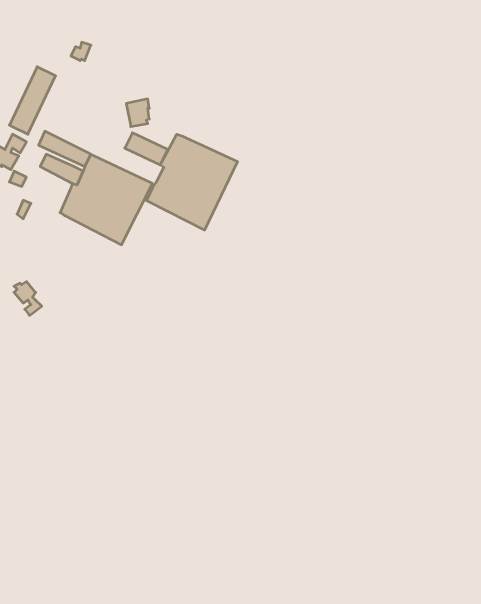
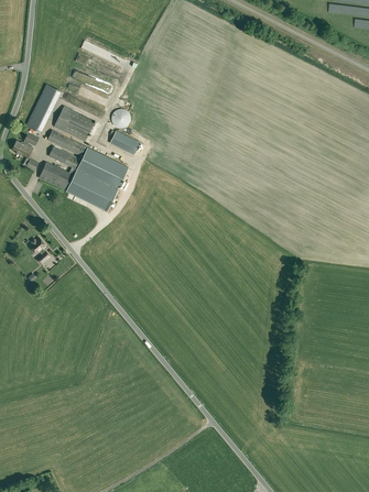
building: none -> [54,106,95,141]
building: [147,134,237,230] -> none
building: none -> [39,162,69,188]

